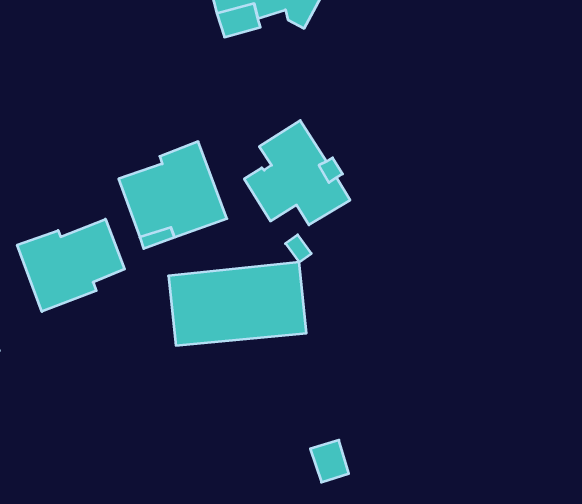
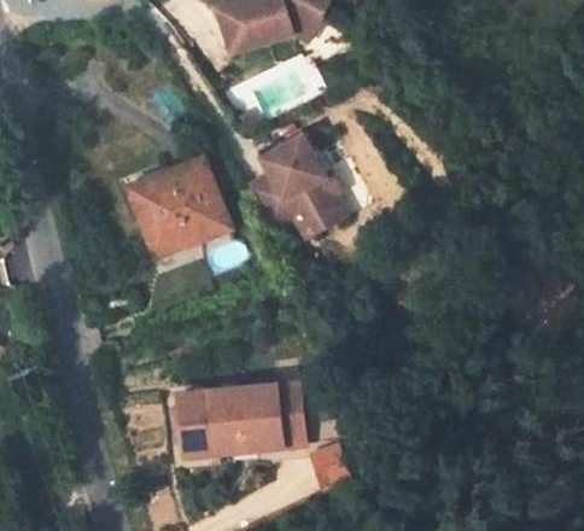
building: [17,219,125,312] -> none
building: [168,262,306,345] -> [163,372,297,453]

